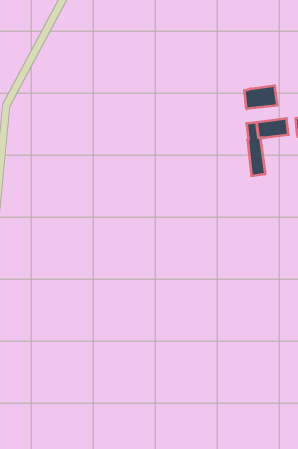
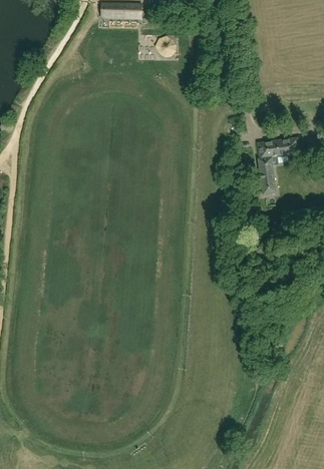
building: [244,86,277,109] -> none

